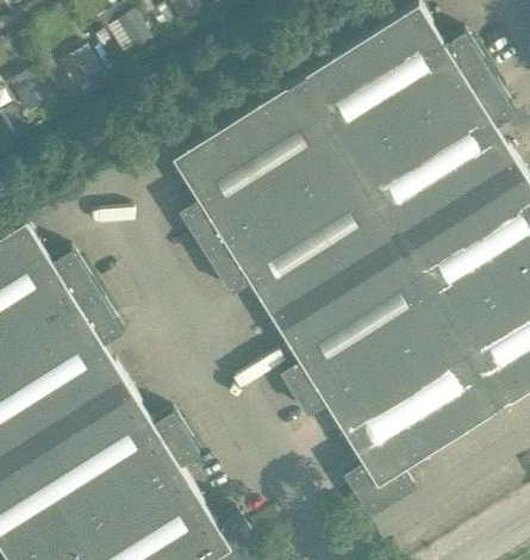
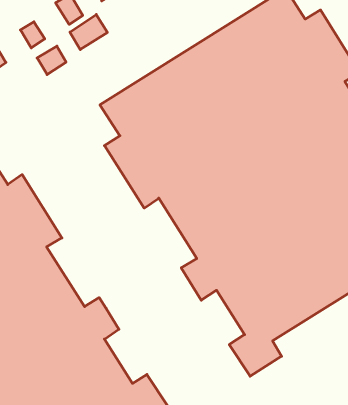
building: none -> [70,14,107,50]
building: none -> [37,46,66,75]

